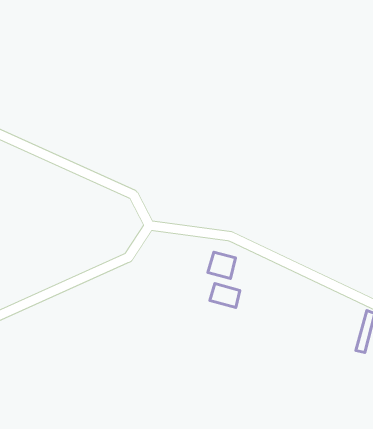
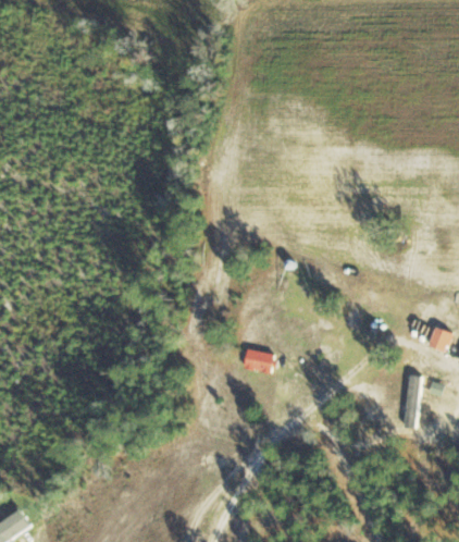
building: [208,252,236,278] -> none

